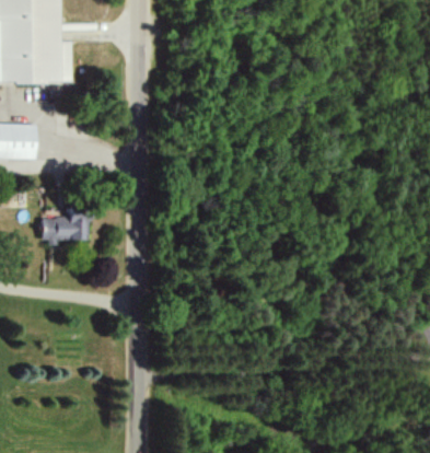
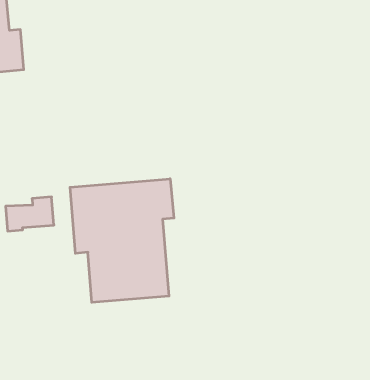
building: none -> [70,179,174,302]

